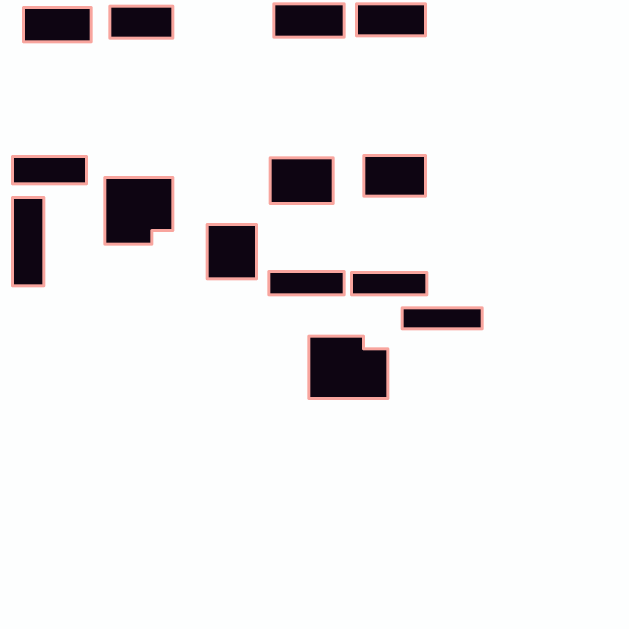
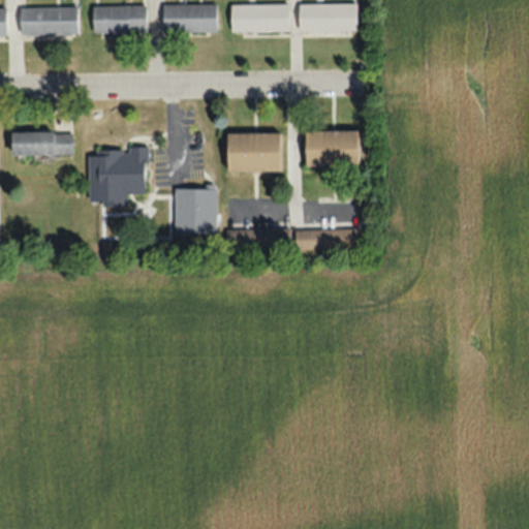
building: none -> [163,5,216,32]
building: [12,197,44,286] -> none
building: [402,308,482,329] -> none
building: [309,336,388,399] -> none

